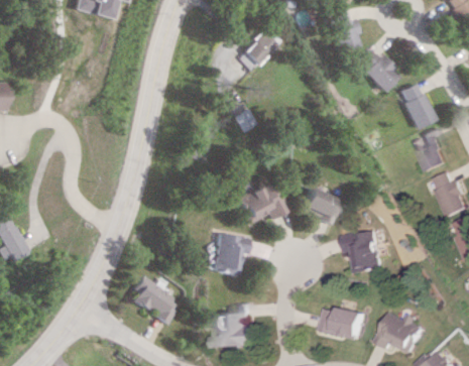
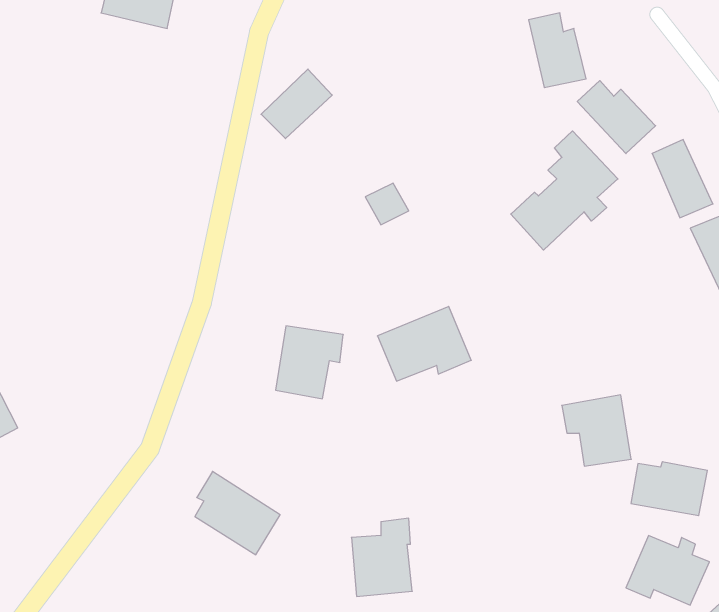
building: [234,30,275,71] -> [261,69,332,139]
building: none -> [511,131,618,250]
building: [306,189,343,221] -> none
building: [211,233,250,275] -> [276,326,343,399]
building: [323,308,367,339] -> [631,462,707,516]

